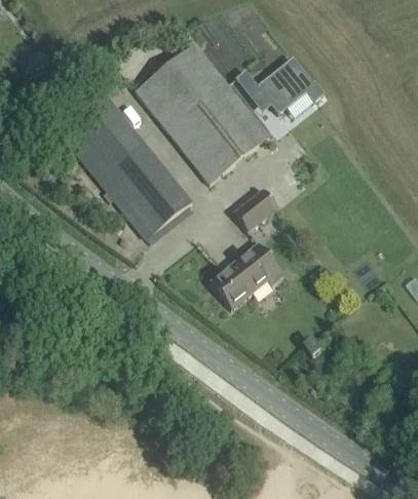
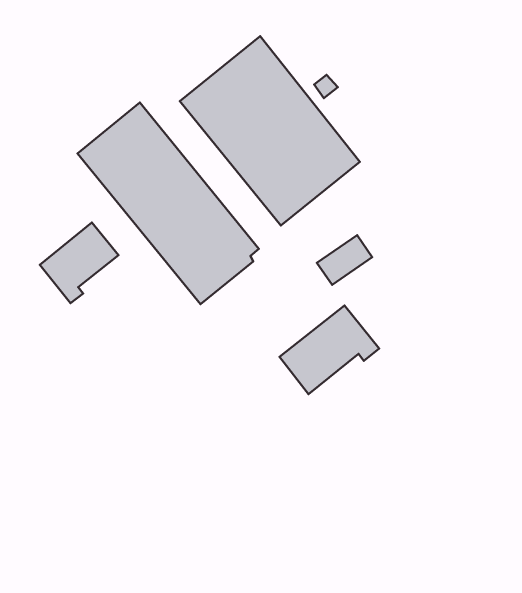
building: [246,74,312,128] -> none
building: none -> [40,223,119,303]

